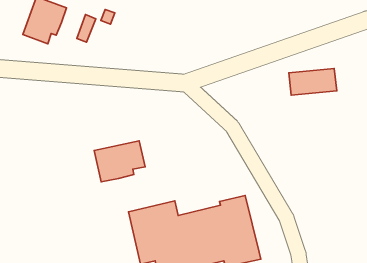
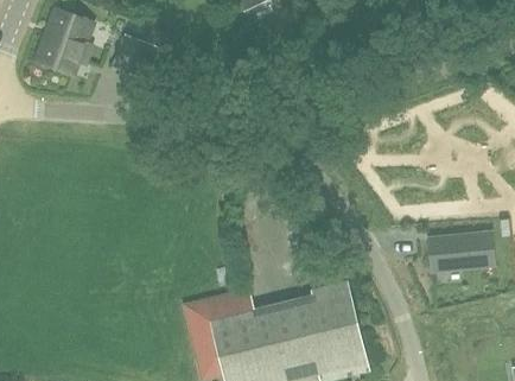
building: [289,69,337,95] -> [428,231,495,268]
building: [94,141,145,182] -> none

